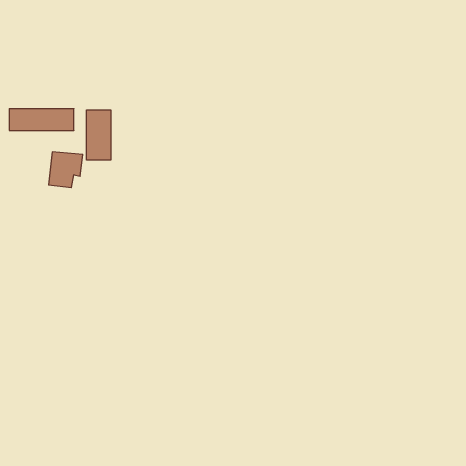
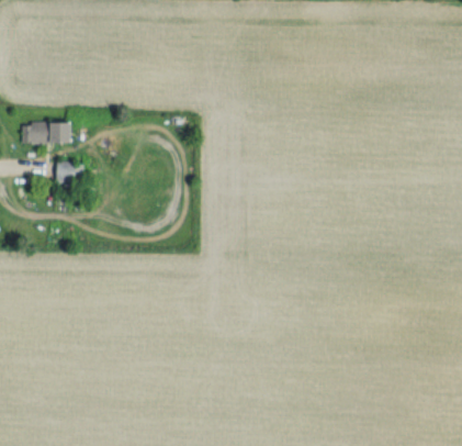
building: [87,110,111,160] -> none

